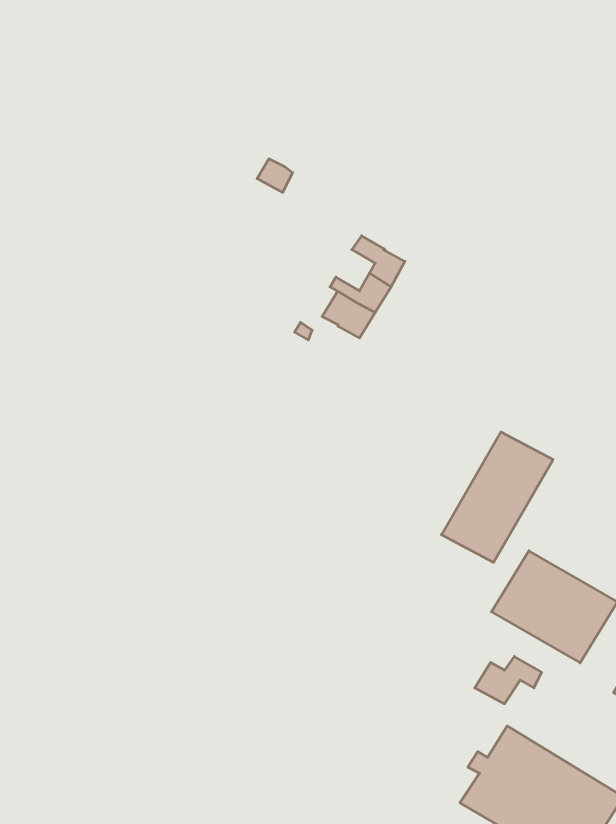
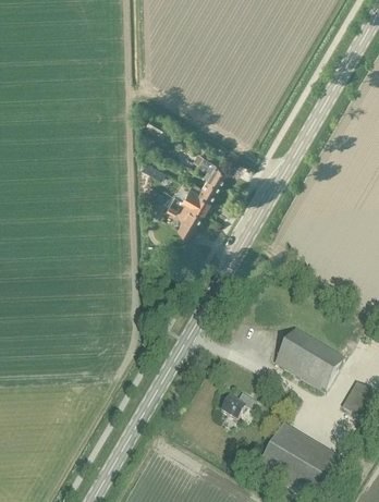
building: none -> [175,199,200,232]
building: [441,432,553,562] -> none
building: [475,656,542,704] -> [219,391,256,417]

